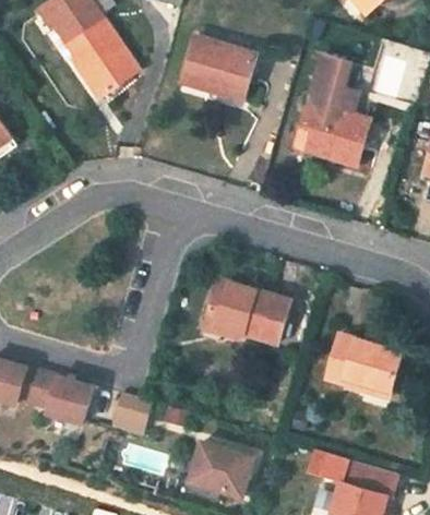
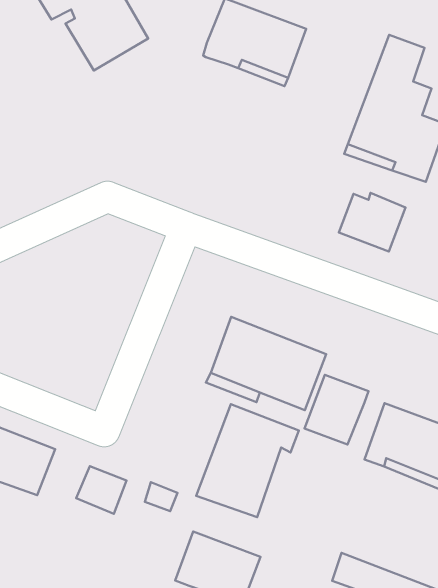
building: none -> [339,193,406,251]
building: none -> [305,375,368,444]
building: none -> [196,404,299,517]

